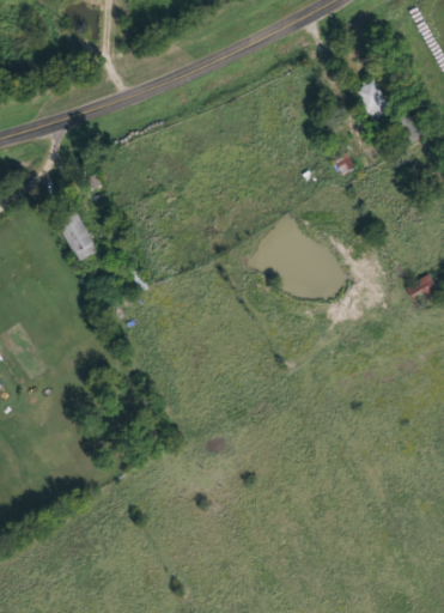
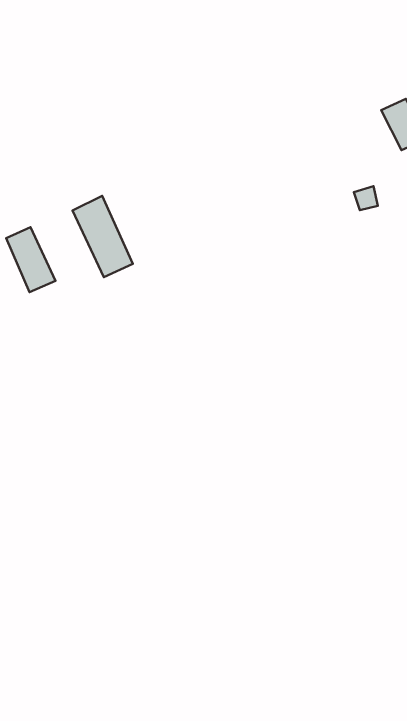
building: none -> [72,196,133,277]

